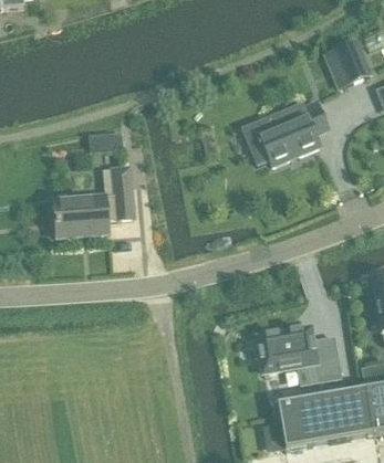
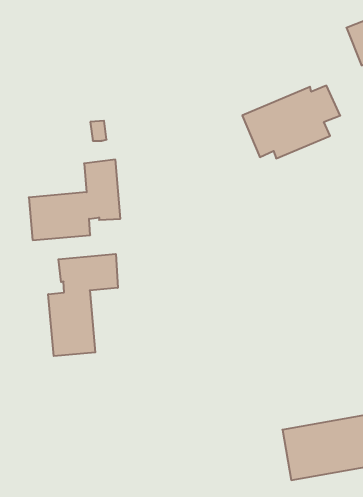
building: none -> [48,254,118,356]
building: [252,326,339,377] -> none

